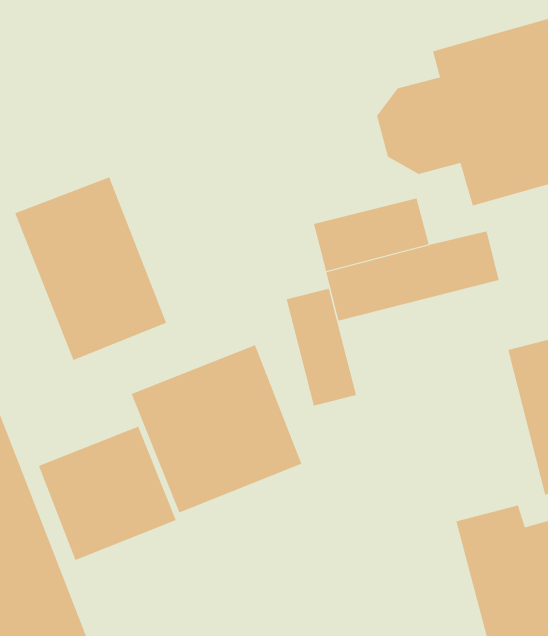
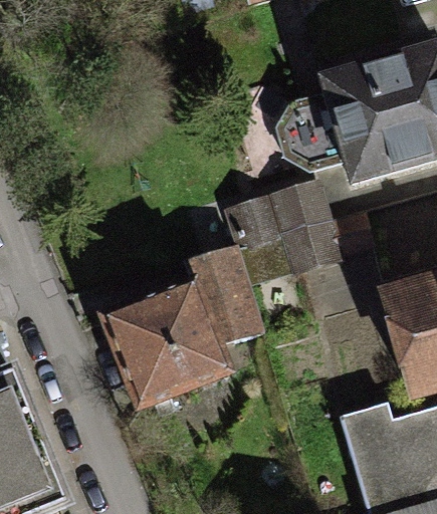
building: [15,176,167,361] -> none
building: [38,426,177,561] -> none

